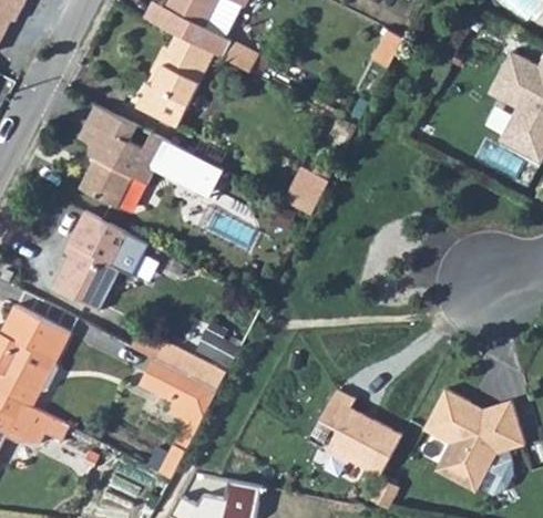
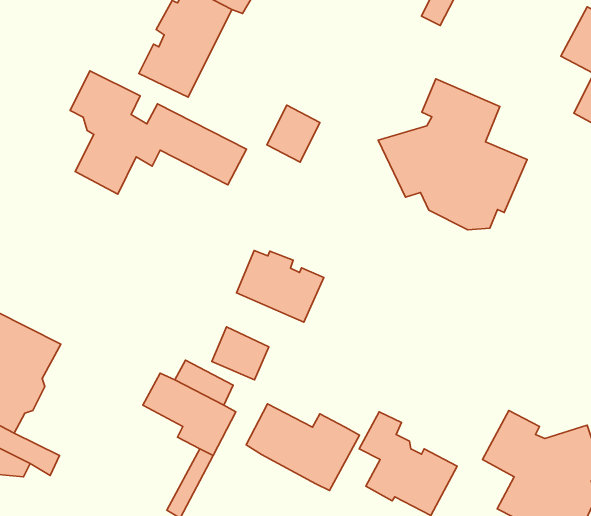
building: none -> [378,79,527,230]
building: [284,166,328,214] -> [267,105,320,162]
building: [51,210,147,310] -> none
building: none -> [237,251,324,322]
building: none -> [246,404,359,491]

